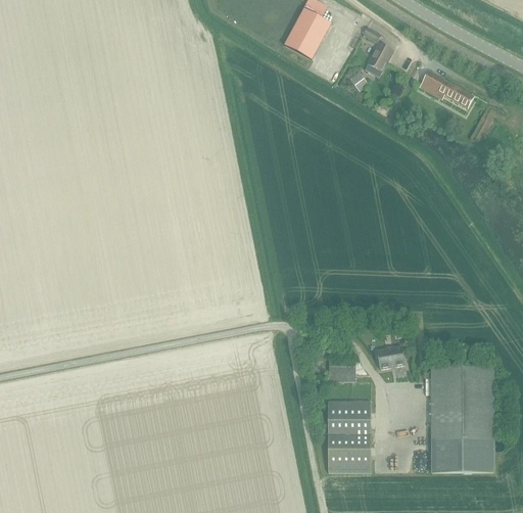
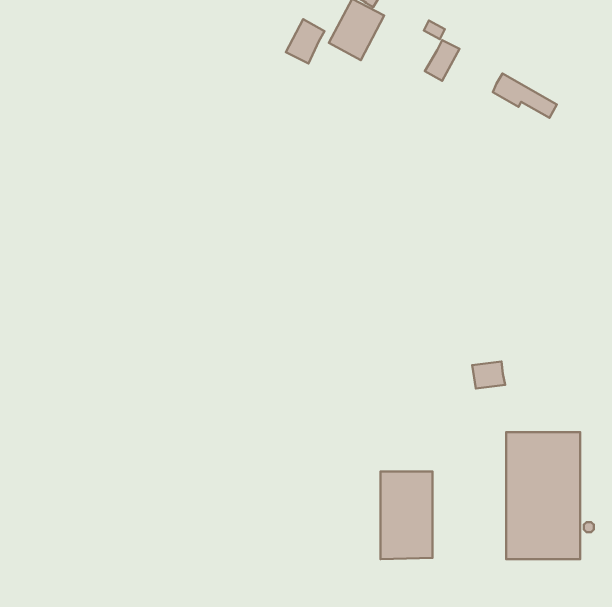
building: none -> [286,19,325,64]
building: [377,344,405,367] -> [472,361,505,389]
building: [329,359,353,379] -> none

